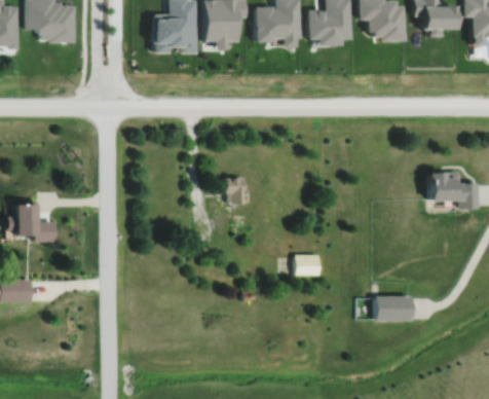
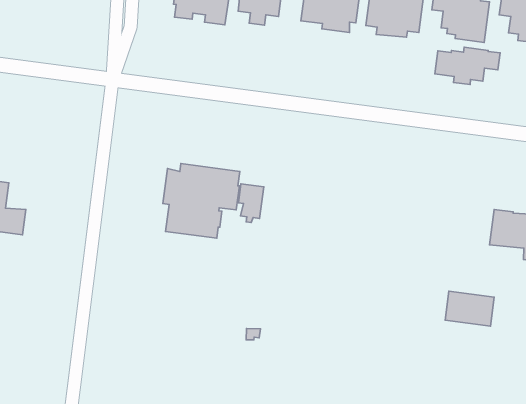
building: none -> [435,47,500,85]
building: none -> [163,164,240,238]
building: [296,255,321,276] -> none
building: [376,297,413,321] -> [445,291,494,326]

